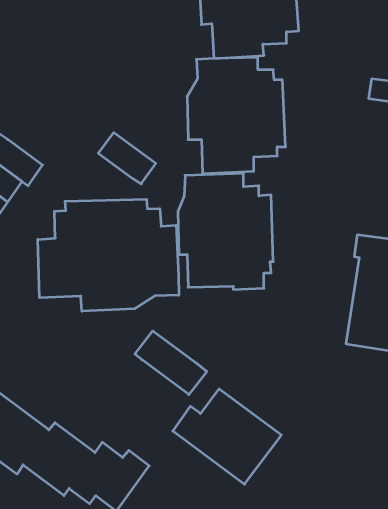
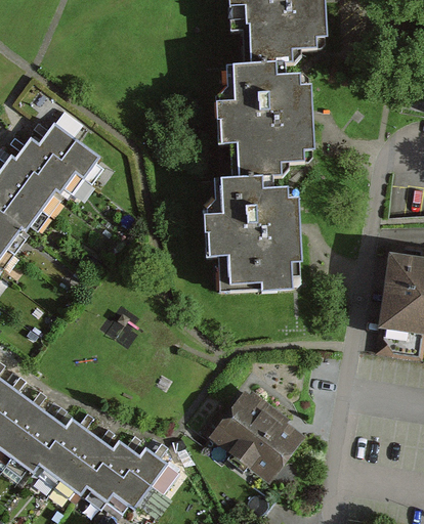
building: [98,133,156,184] -> [38,125,95,176]
building: [38,199,179,311] -> none
building: [135,331,207,395] -> none

